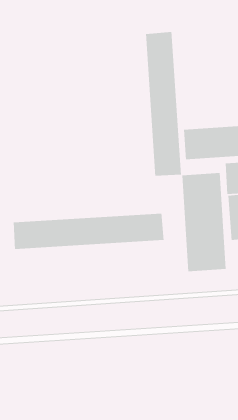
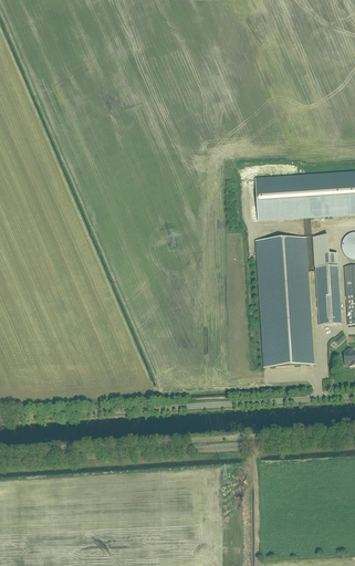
building: [145,31,182,176] -> none
building: [13,213,164,250] -> none

